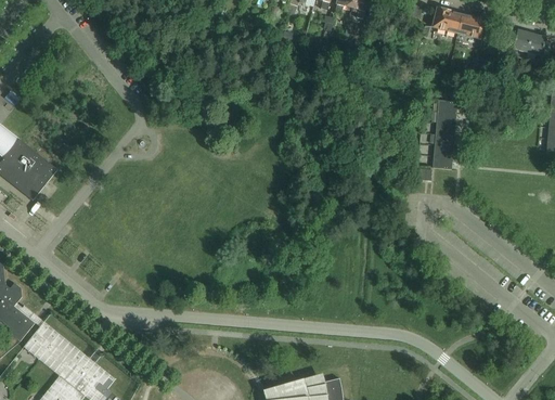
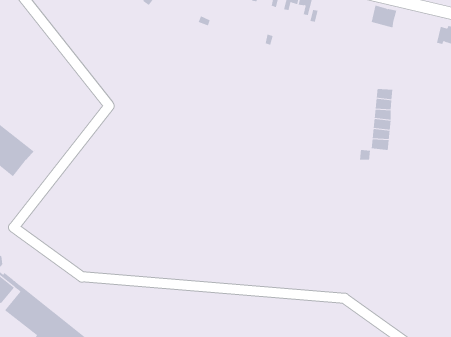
building: [455,13,482,38] -> none

